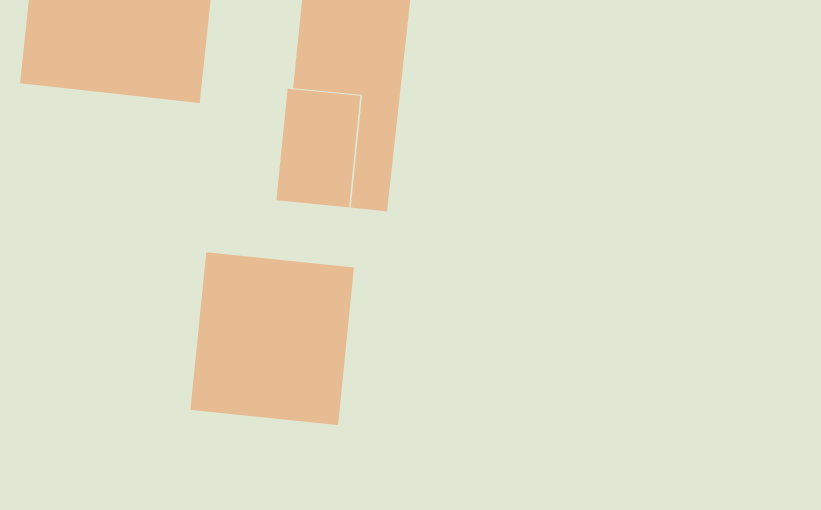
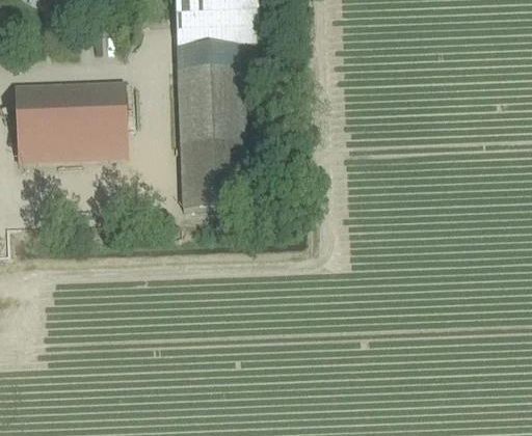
building: [190,251,355,426] -> none

